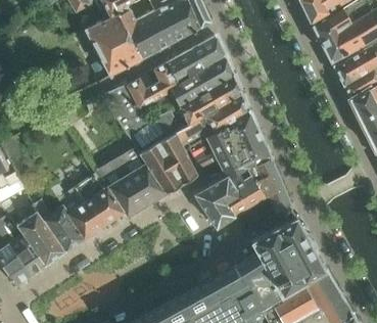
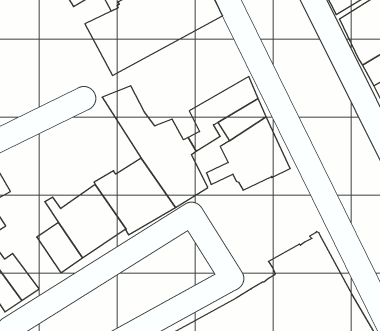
building: [128,36,233,108] -> none
building: [188,158,291,229] -> none
building: [17,212,65,266] -> none

